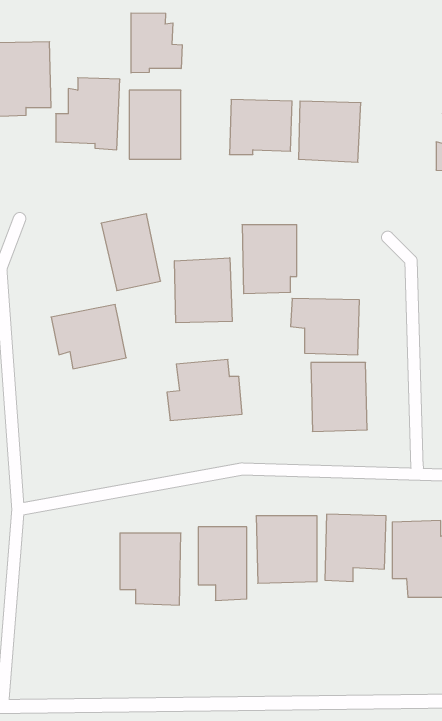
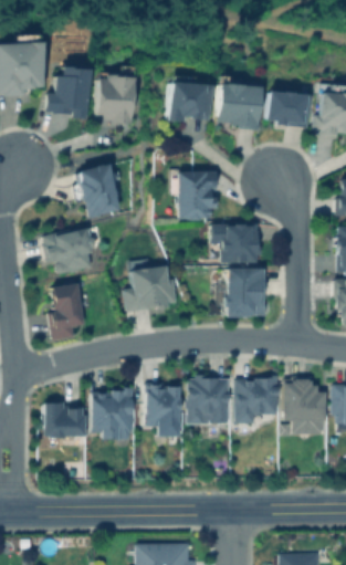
building: [131,13,182,73] -> none
building: none -> [265,92,308,126]
building: [175,258,232,323] -> none
building: none -> [50,283,83,339]
building: none -> [42,402,85,437]

